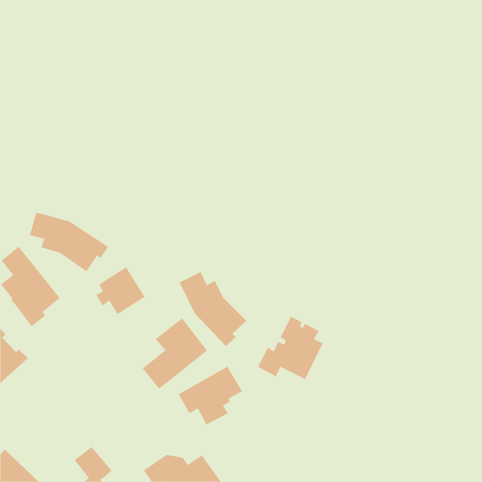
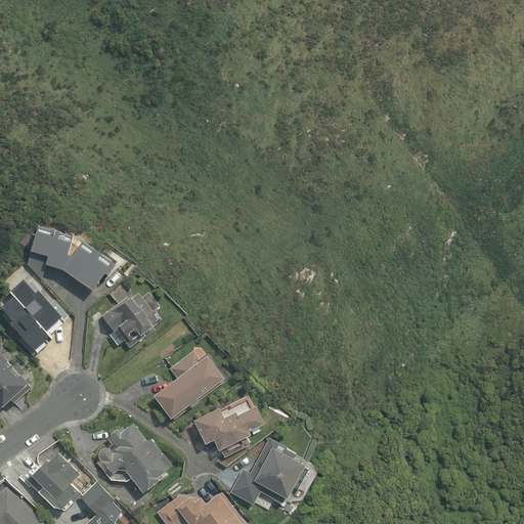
building: [179,271,247,347] -> none
building: [257,316,323,380] -> [232,437,304,507]
building: none -> [96,424,173,495]
building: none -> [23,454,81,516]

